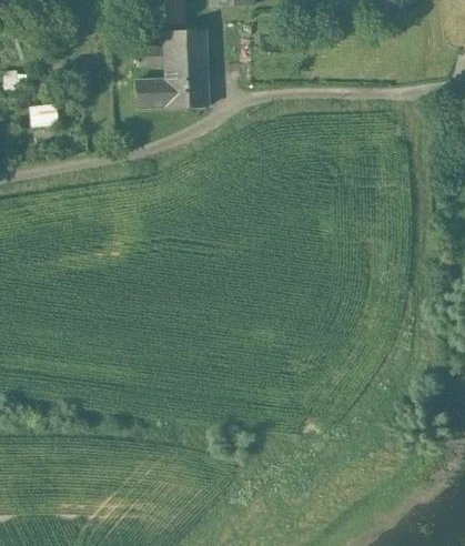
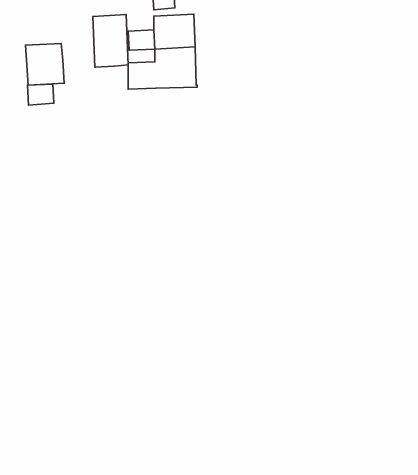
building: none -> [93,14,128,67]
building: none -> [25,43,64,85]

